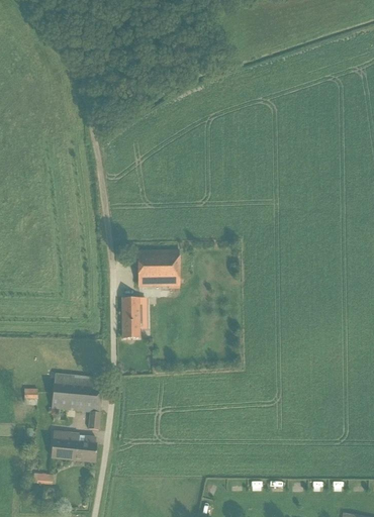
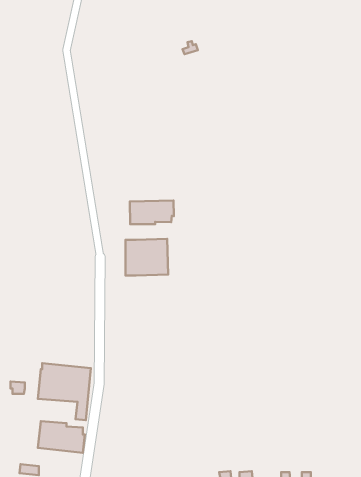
building: none -> [130,200,174,224]
building: [121,297,139,338] -> none

